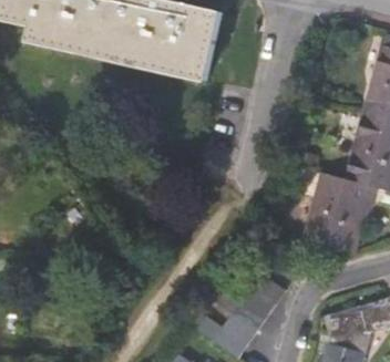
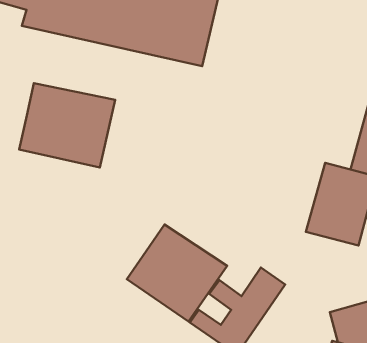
building: none -> [19,83,115,167]
building: none -> [127,224,227,322]

